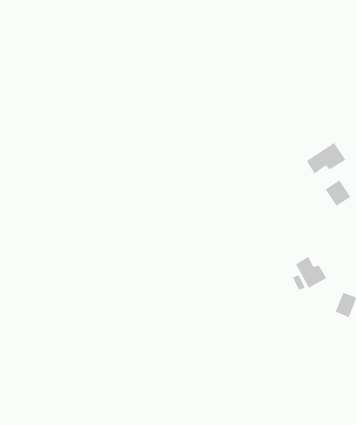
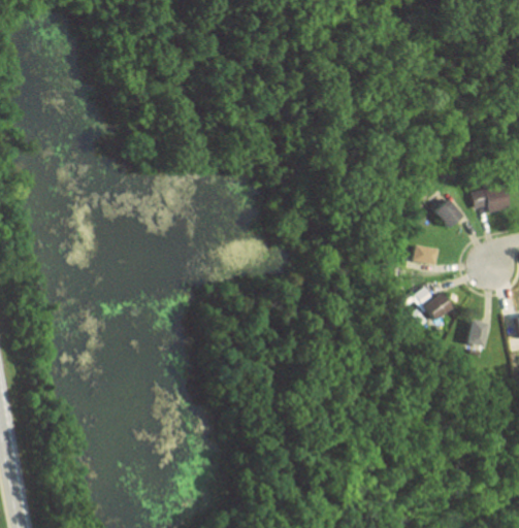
building: [306,142,346,174] -> none
building: none -> [411,244,437,265]

